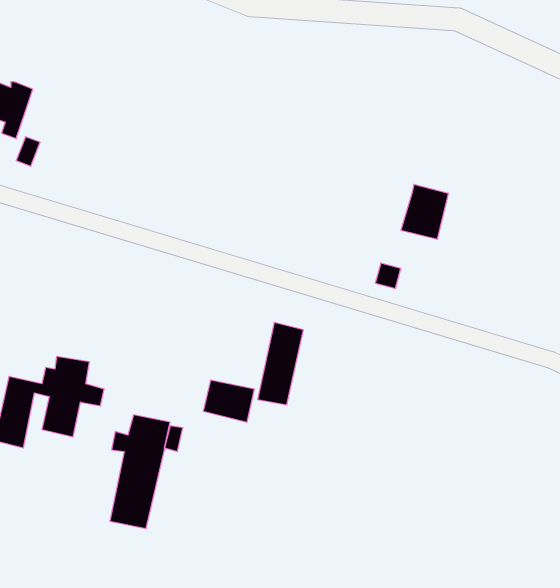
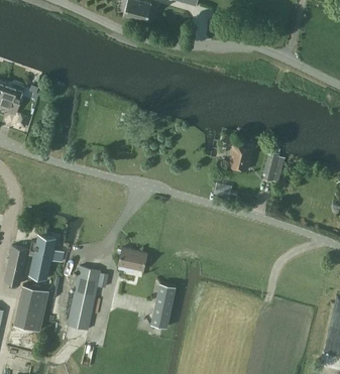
building: none -> [262,152,285,182]
building: [258,323,303,405] -> [150,283,176,329]
building: none -> [14,285,48,332]

